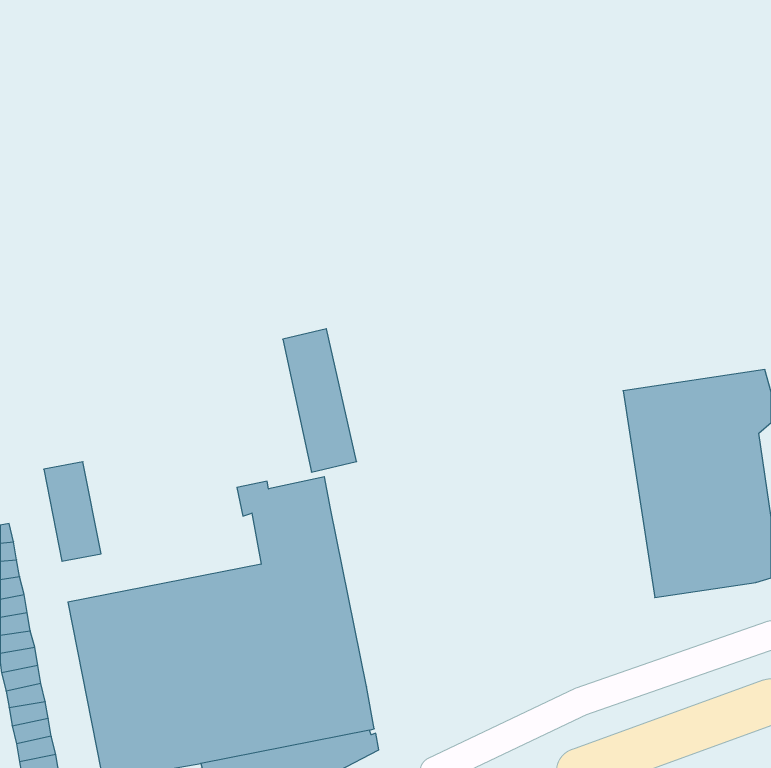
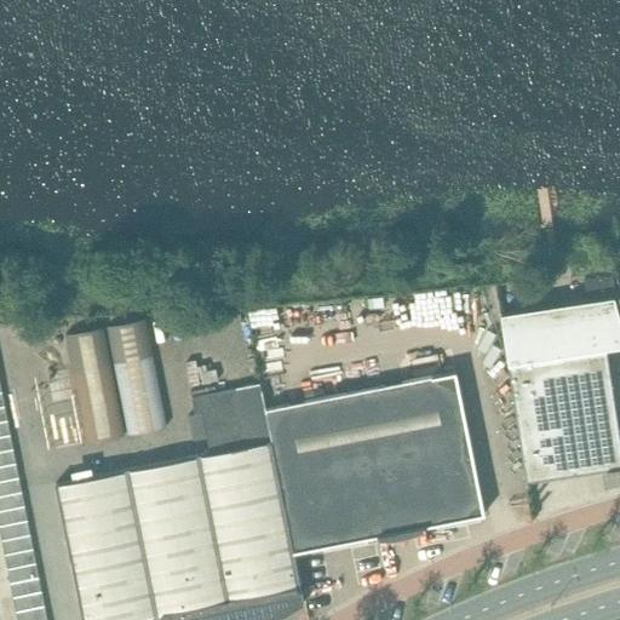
building: [283,329,357,472] -> [107,320,166,435]
building: none -> [64,329,125,443]
building: none -> [265,372,484,553]

